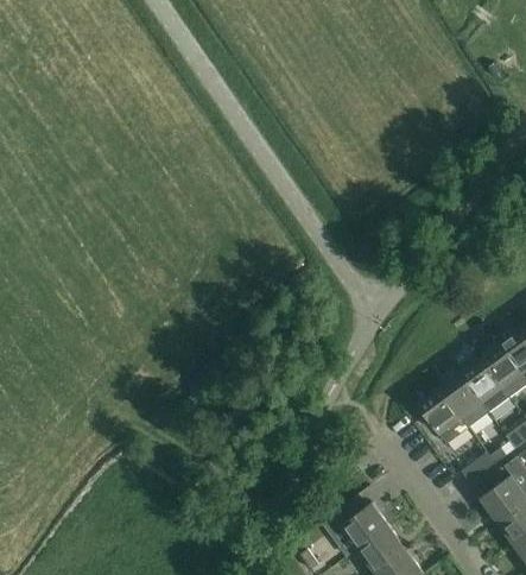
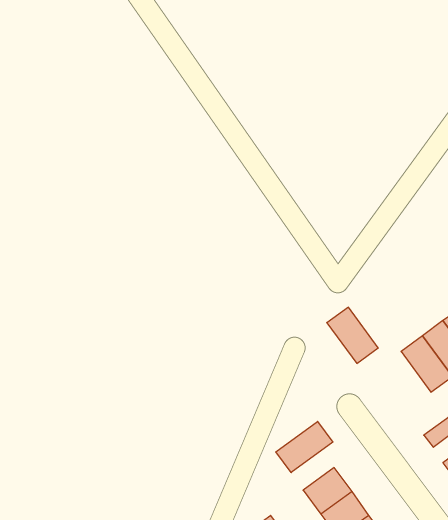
building: [418,388,469,444] -> [327,307,378,363]
building: none -> [276,421,333,473]

